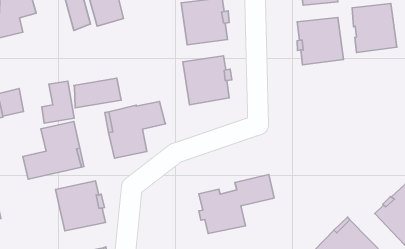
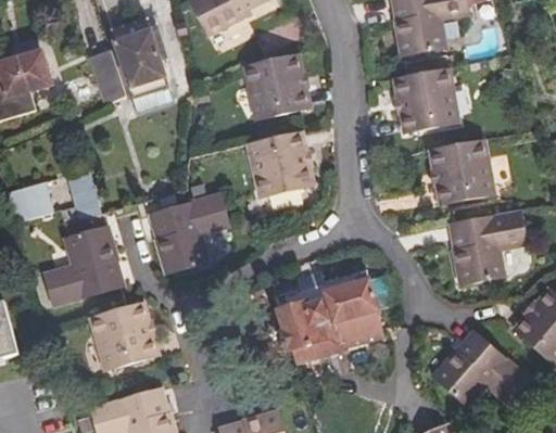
building: [352,3,397,52] -> [430,140,492,207]
building: [74,78,121,108] -> none
building: none -> [450,209,527,283]
building: none -> [334,314,383,352]

